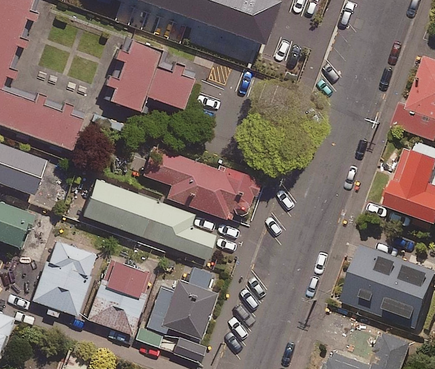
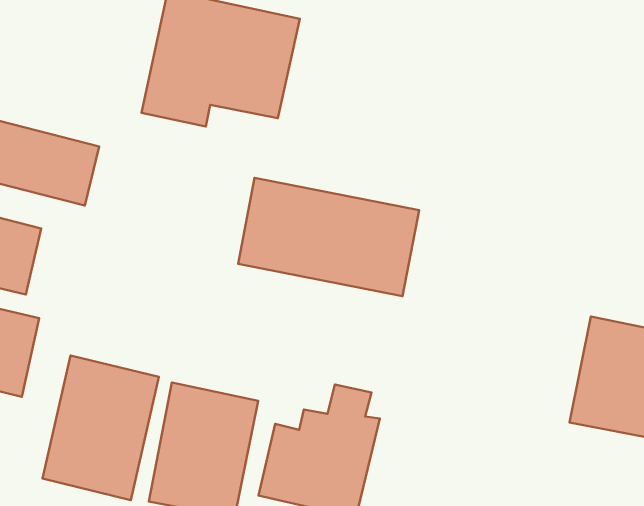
building: [81,175,218,259] -> none

